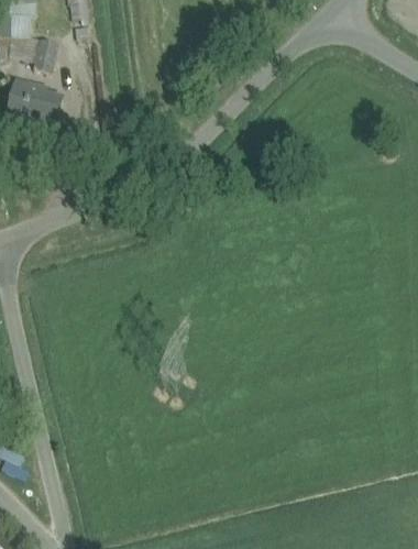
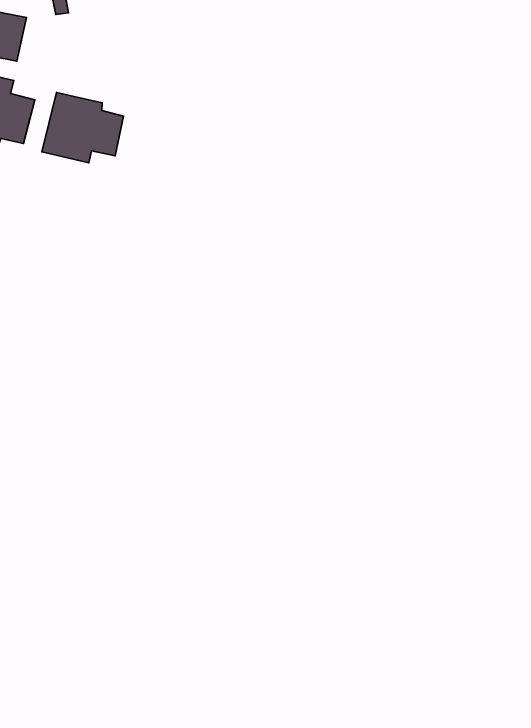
building: none -> [42,93,123,163]

